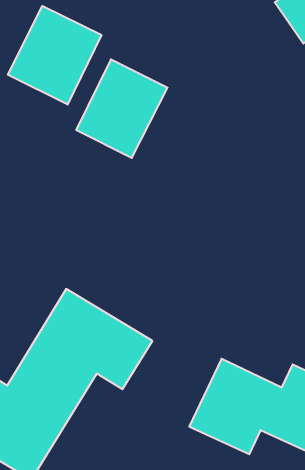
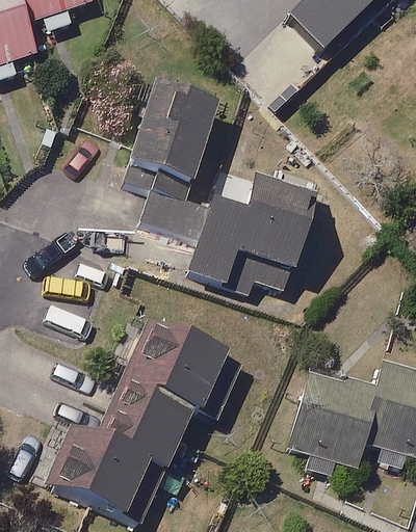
building: [8,6,101,105] -> none
building: none -> [144,177,313,286]

